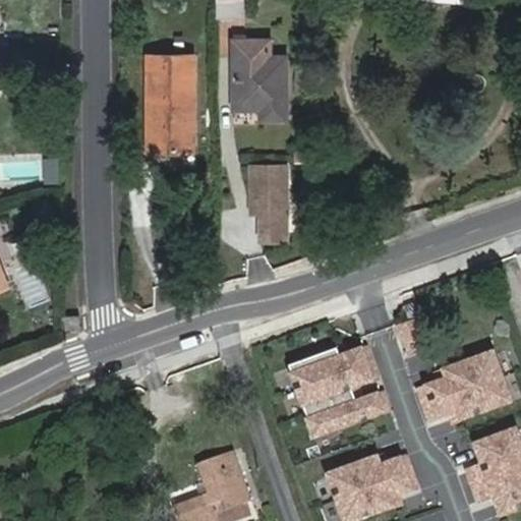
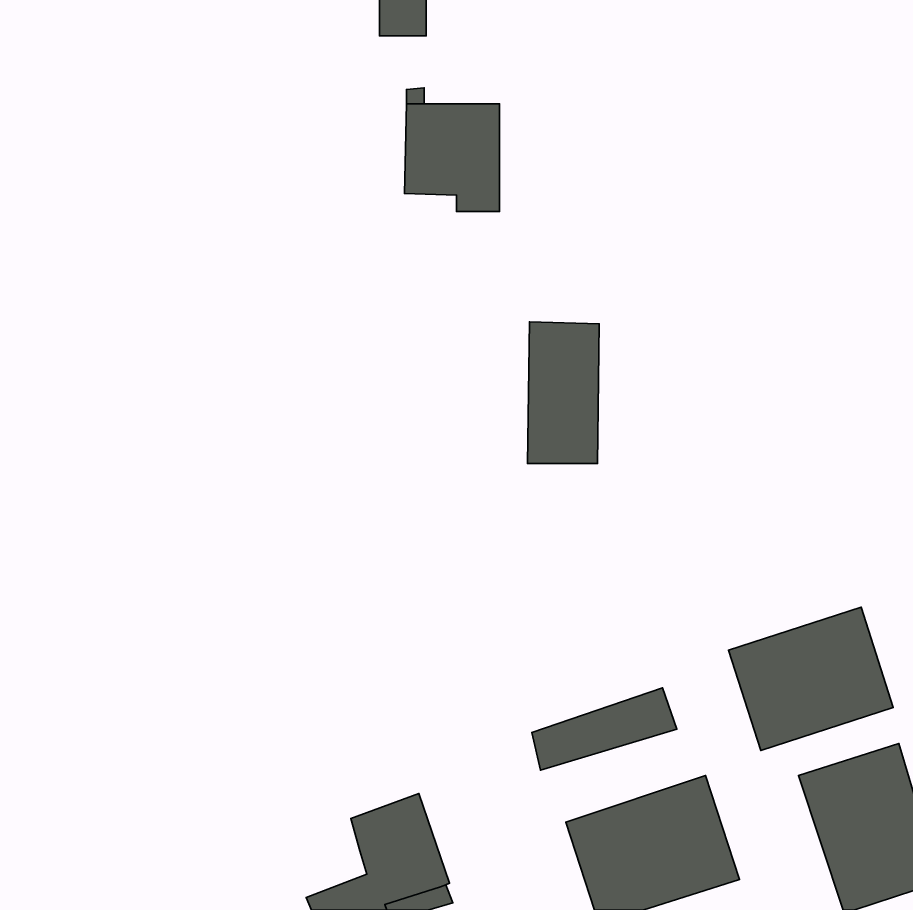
building: [147,57,190,151] -> none
building: [253,160,294,240] -> [528,322,599,464]
building: [285,341,378,409] -> none

